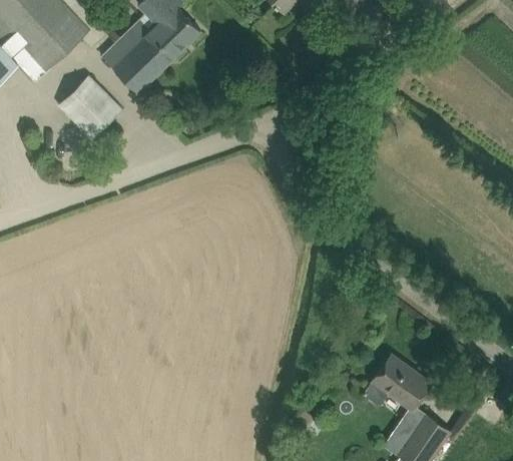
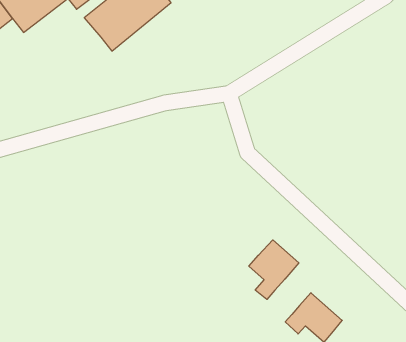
building: [50,75,120,145] -> none
building: none -> [249,240,299,299]

